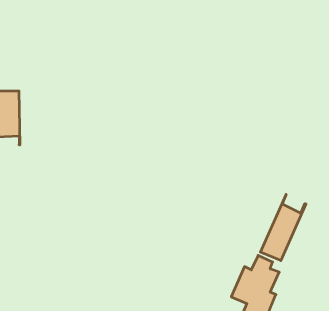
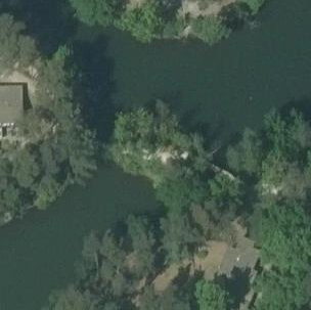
building: [260,194,306,261] -> none

